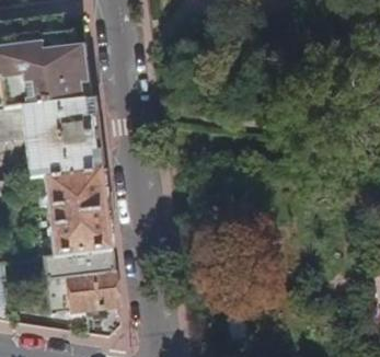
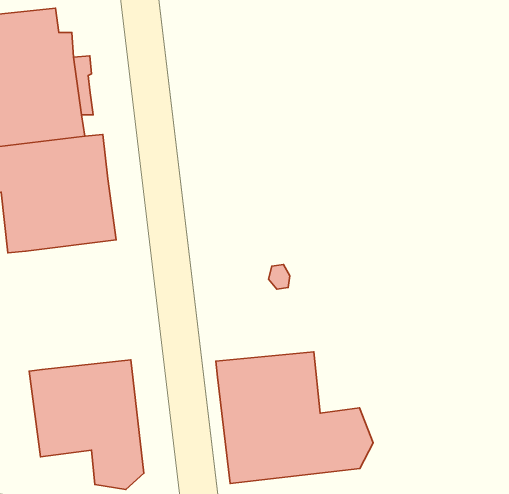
building: [43,168,113,254] -> none
building: none -> [216,352,373,484]

